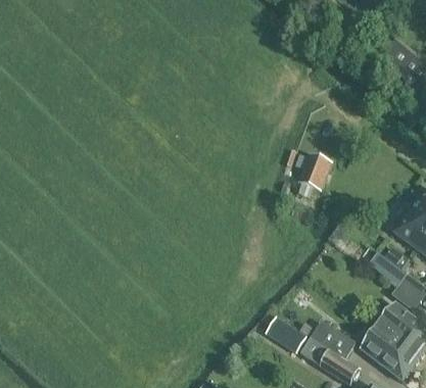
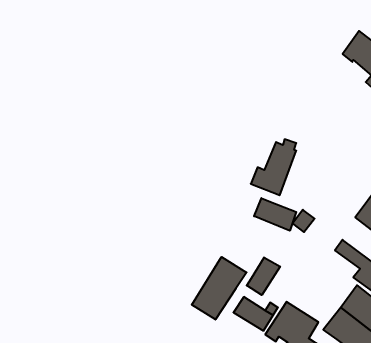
building: none -> [254,198,296,231]
building: none -> [192,257,247,320]
building: none -> [247,257,280,295]

